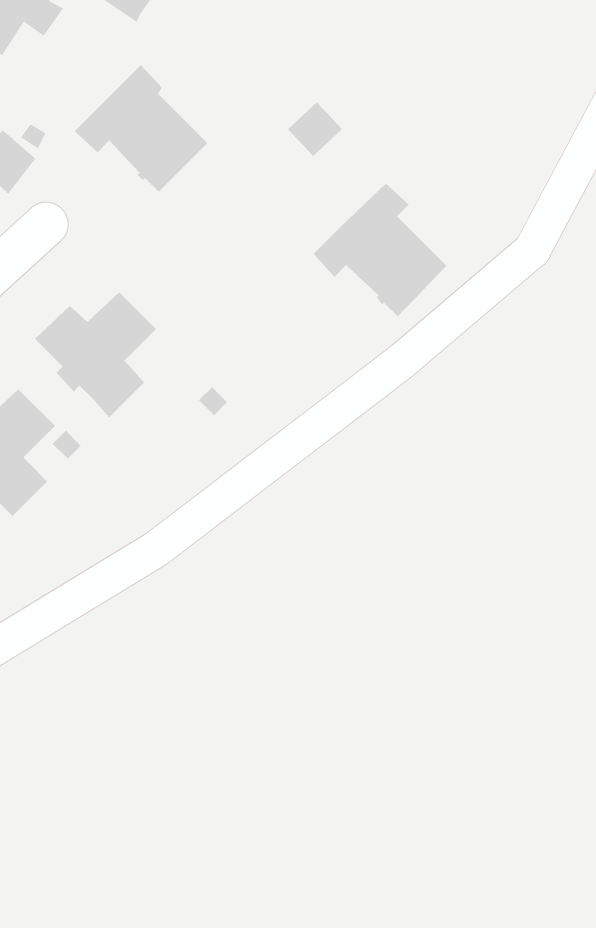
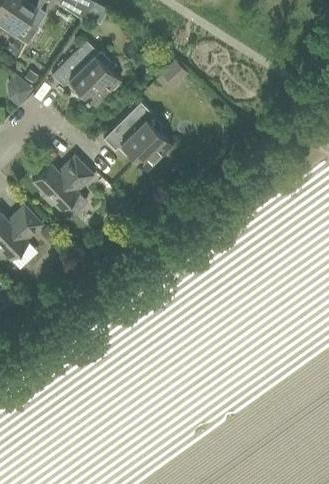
building: [313,183,447,317] -> [104,102,172,170]

